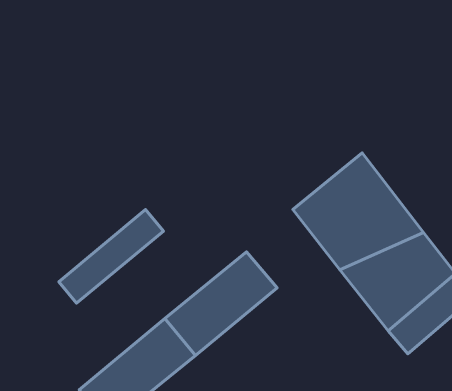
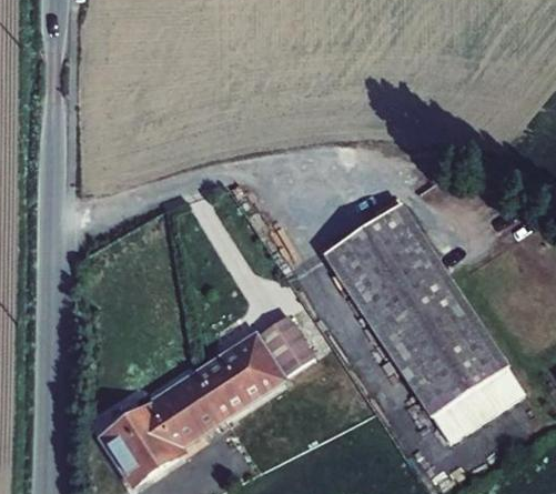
building: none -> [327,202,423,275]
building: [59,210,163,303] -> none

